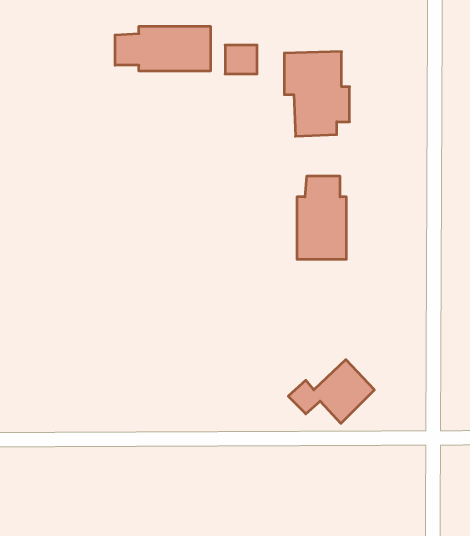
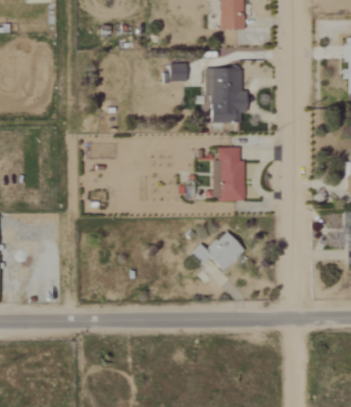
building: [115,26,210,71] -> none
building: [288,360,374,423] -> [189,231,244,272]

